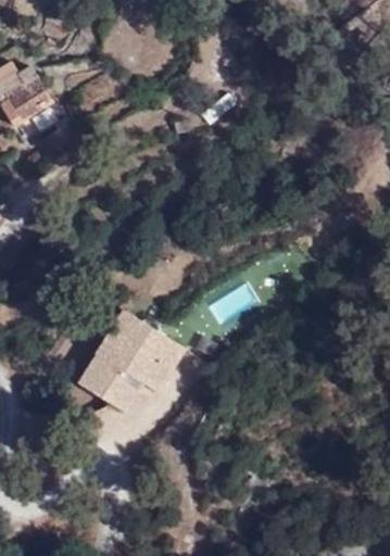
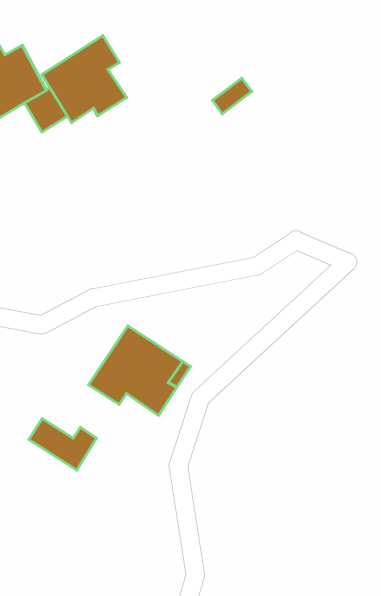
building: none -> [42,36,127,123]
building: [78,365,138,410] -> [29,419,96,470]

